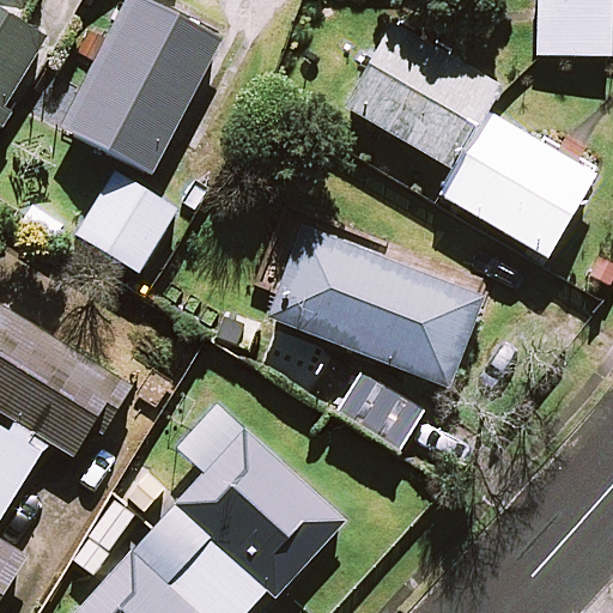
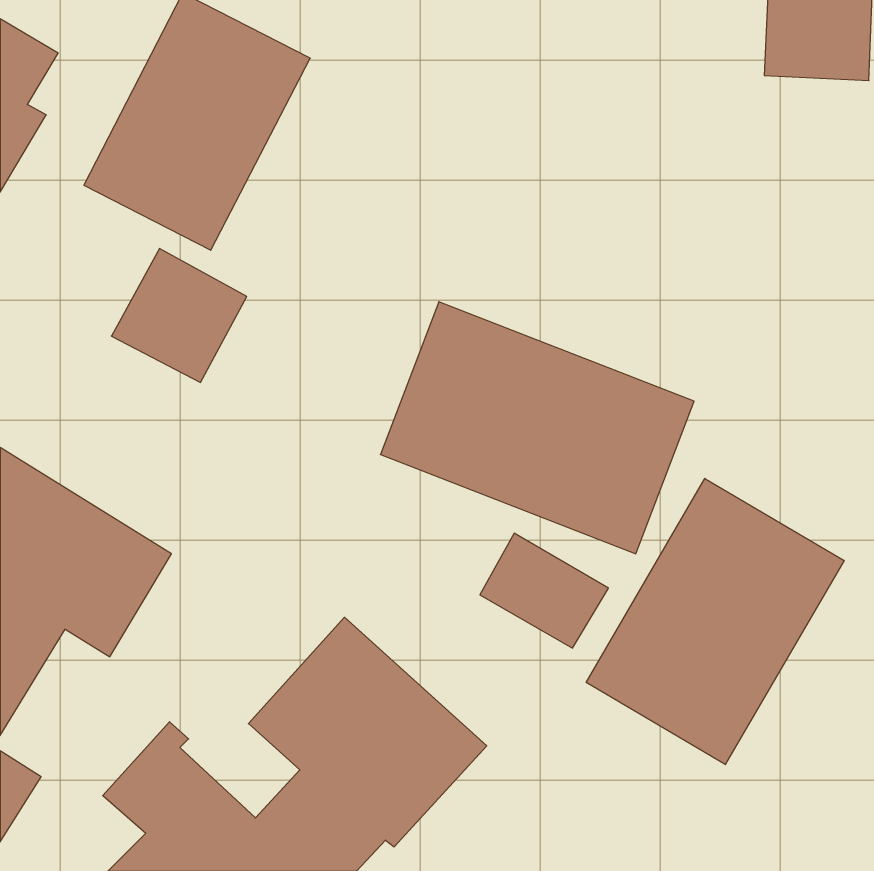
building: [345,25,594,257] -> none
building: none -> [586,478,844,765]

